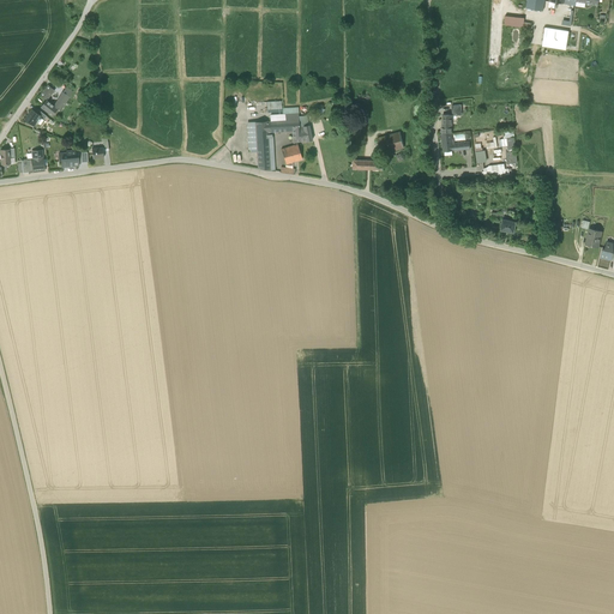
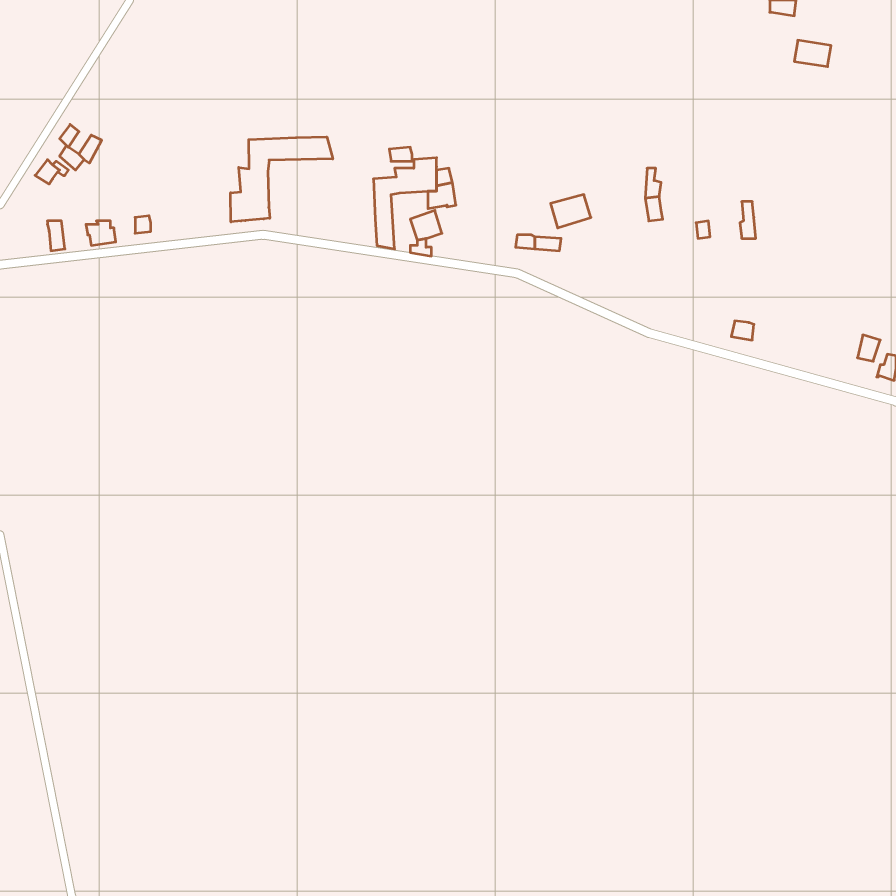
building: none -> [231,137,333,222]

